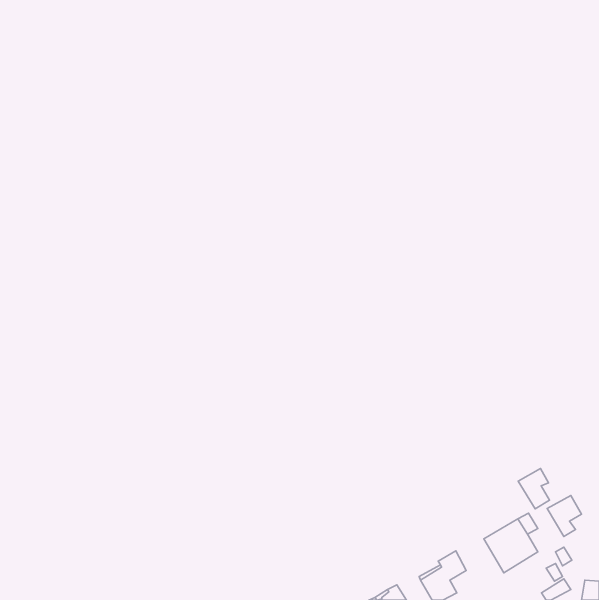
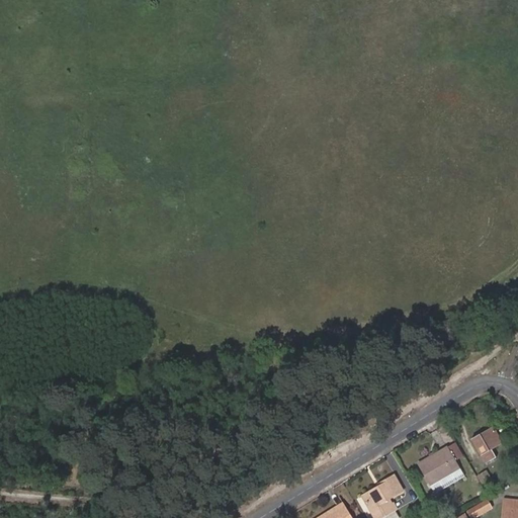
building: [518,468,549,509] -> none

